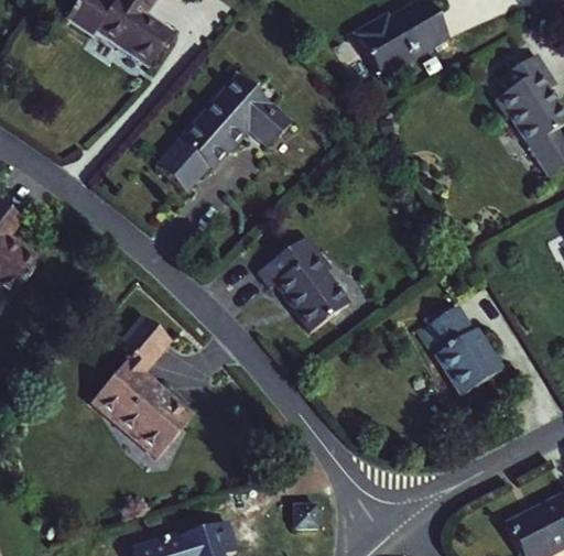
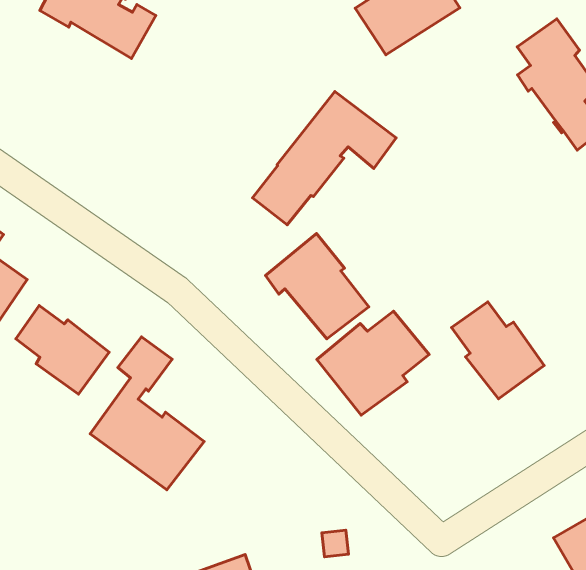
building: [156,76,290,194] -> [253,92,396,225]
building: none -> [16,306,109,394]
building: none -> [317,311,429,415]

